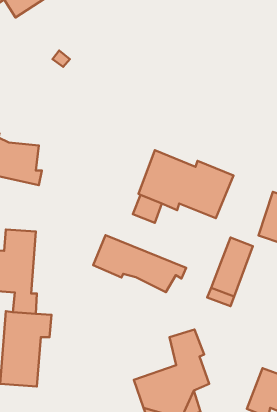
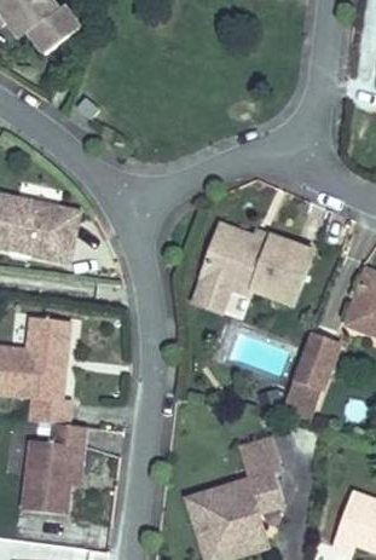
building: [93,235,186,292] -> none

